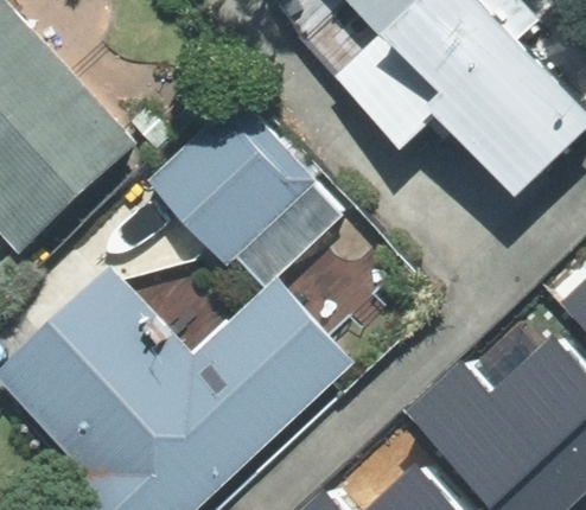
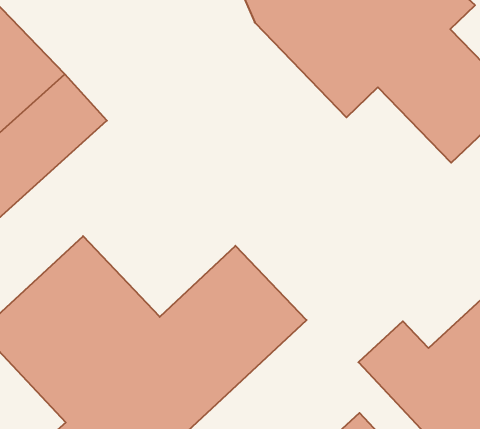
building: [148,98,338,285] -> none

